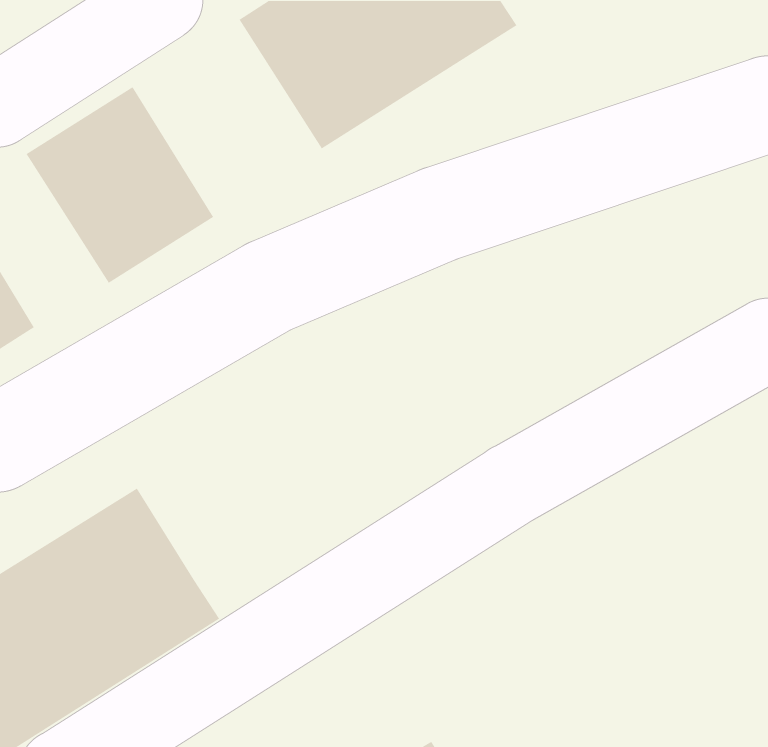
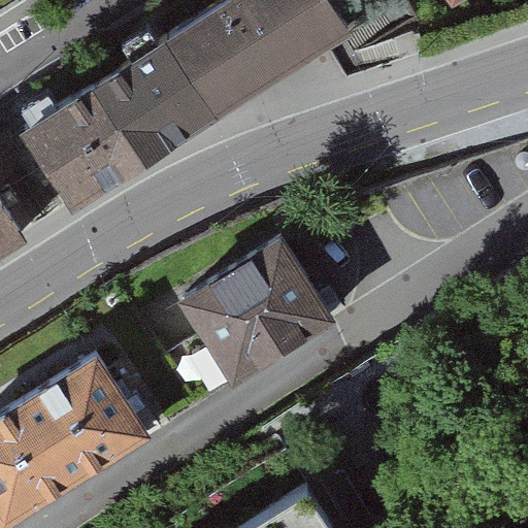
building: none -> [91,30,220,165]
building: none -> [173,233,335,390]

